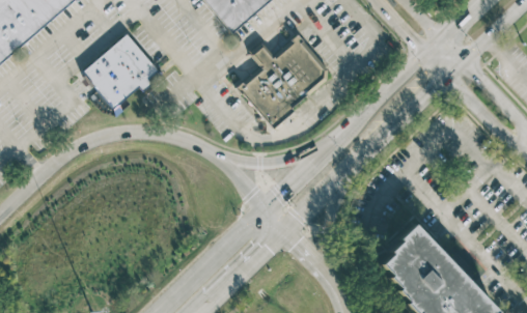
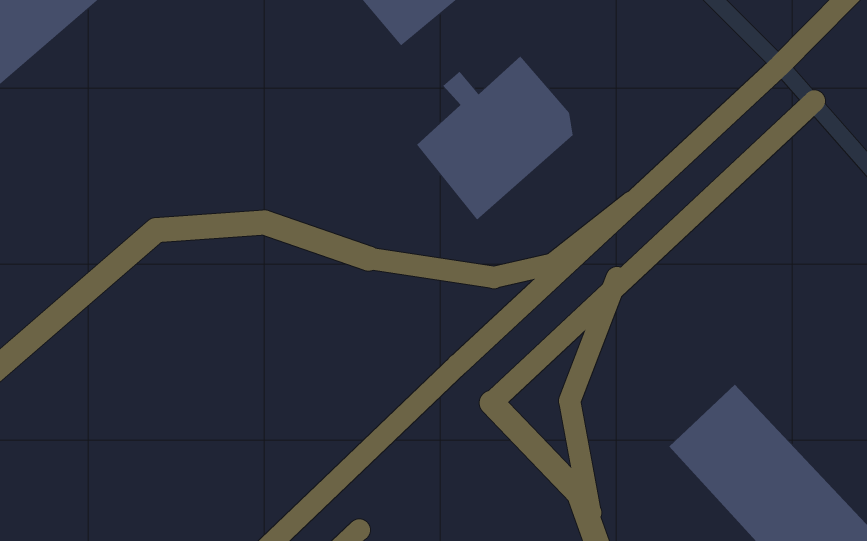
building: [80,33,156,107] -> none

